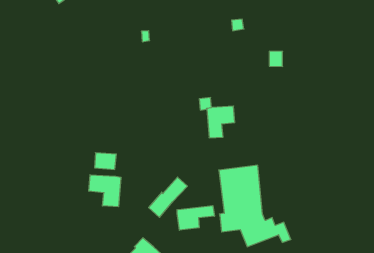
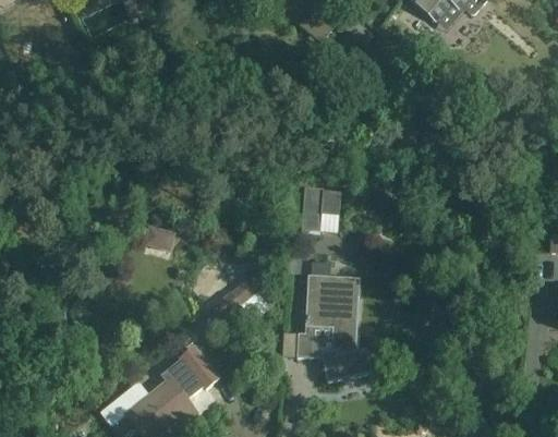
building: [89,175,121,207] -> none
building: [177,206,214,230] -> none

